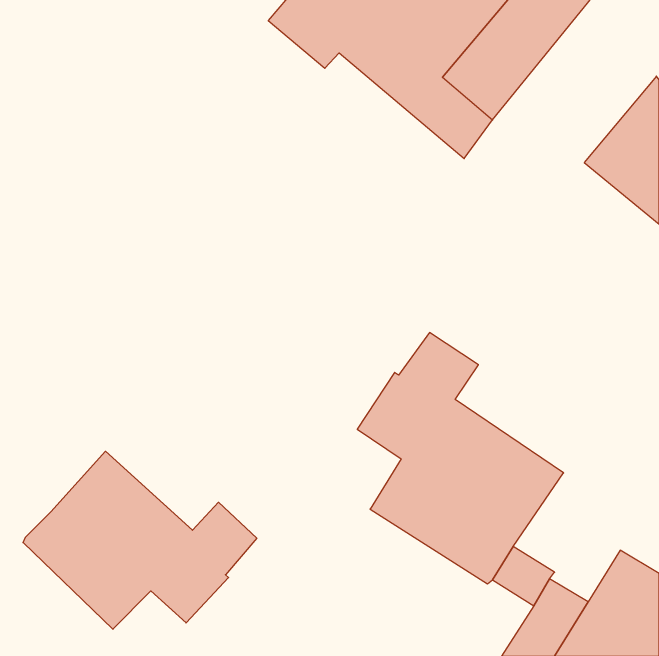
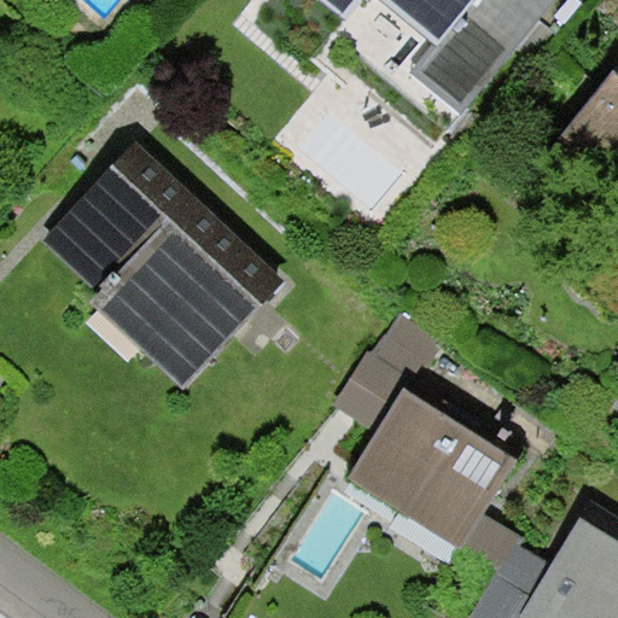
building: none -> [45,141,286,387]
building: [23,451,257,629] -> none

